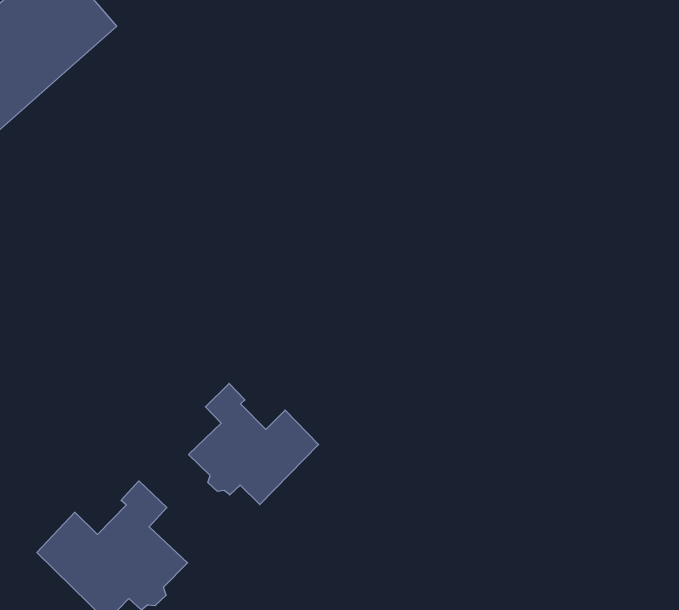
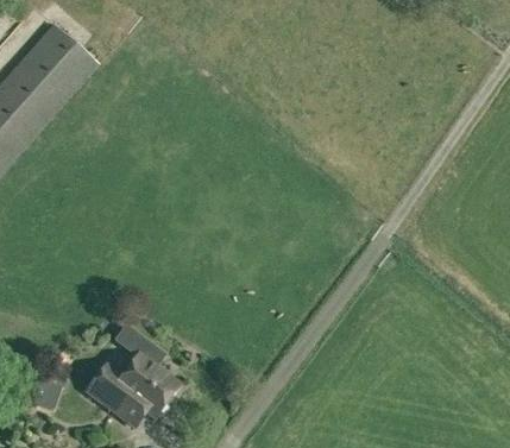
building: [189,383,319,505] -> none

